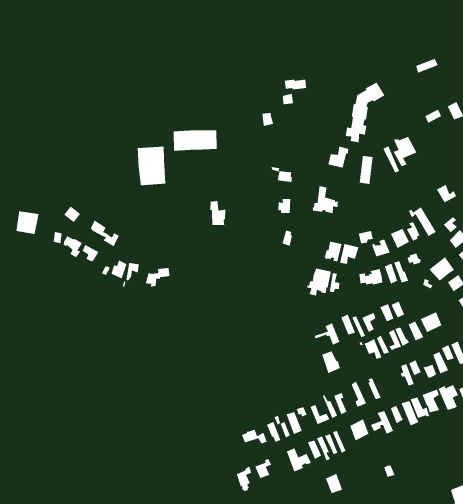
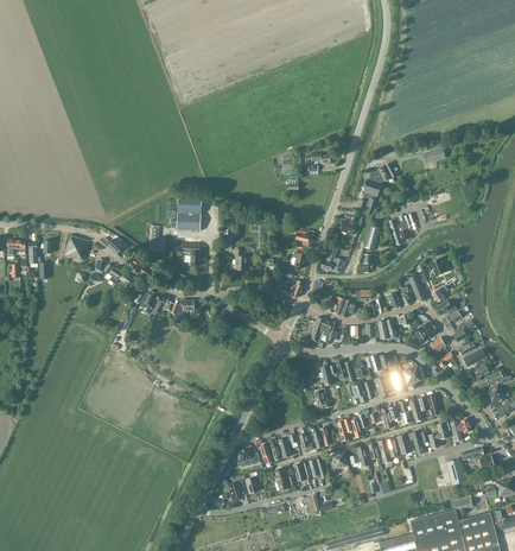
building: [173,130,218,152] -> none

